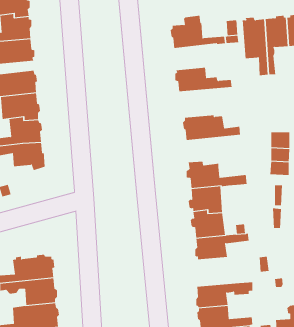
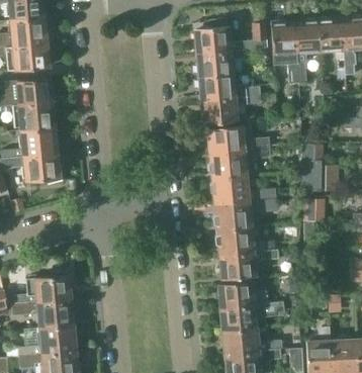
building: none -> [196,50,244,78]
building: none -> [200,96,261,125]
building: none -> [208,147,270,179]
building: none -> [216,281,267,308]

